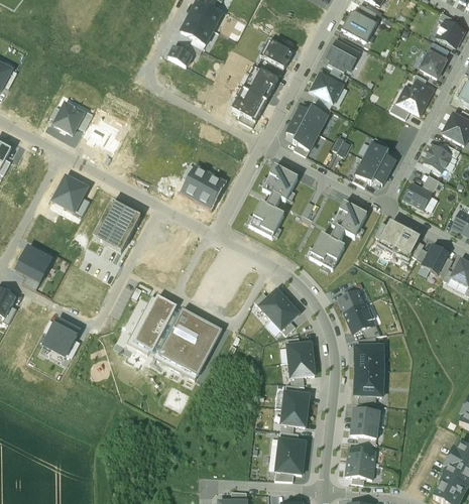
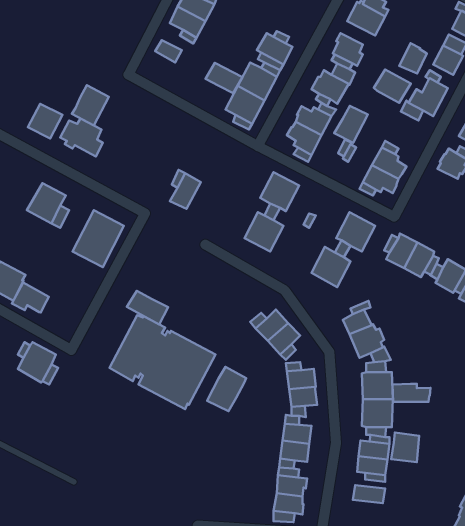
building: none -> [399,43,427,74]
building: none -> [206,63,242,93]
building: none -> [374,70,411,103]
building: none -> [72,85,109,125]
building: none -> [334,106,368,143]
building: [197,173,224,206] -> none
building: [403,181,433,209] -> none
building: none -> [12,282,49,312]
building: none -> [127,291,168,324]
building: none -> [207,367,246,411]
building: none -> [392,384,430,402]
building: none -> [391,433,419,462]
building: [346,460,374,478] -> none

